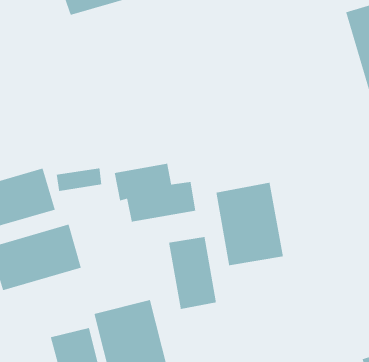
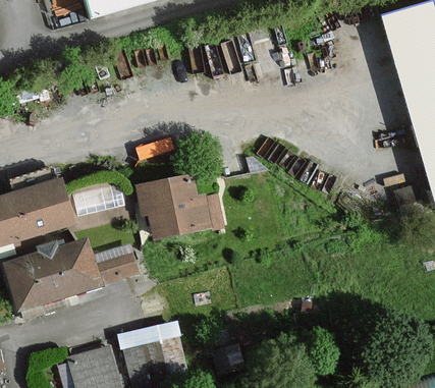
building: [215,182,284,266] -> none
building: none -> [96,241,139,283]
building: [168,236,217,310] -> none

